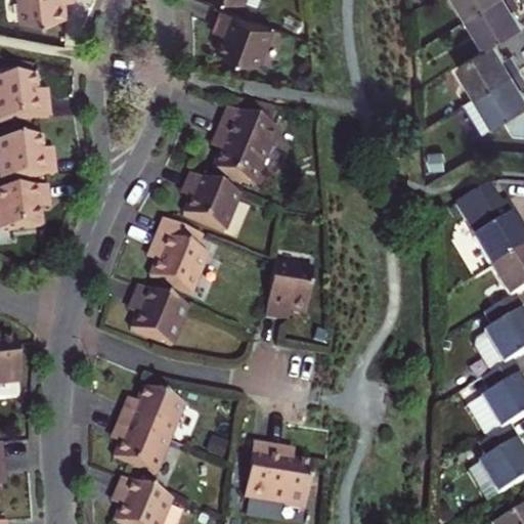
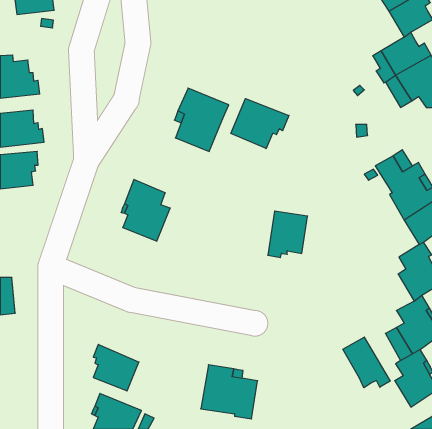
building: [217,5,273,61] -> none
building: none -> [231,99,289,149]
building: [183,172,239,229] -> none
building: [265,260,313,316] -> [268,211,308,258]
building: [130,283,188,344] -> none
building: [120,386,184,438] -> none
building: none -> [343,337,390,388]

